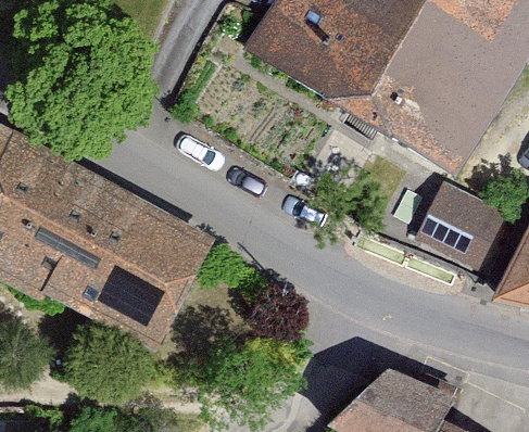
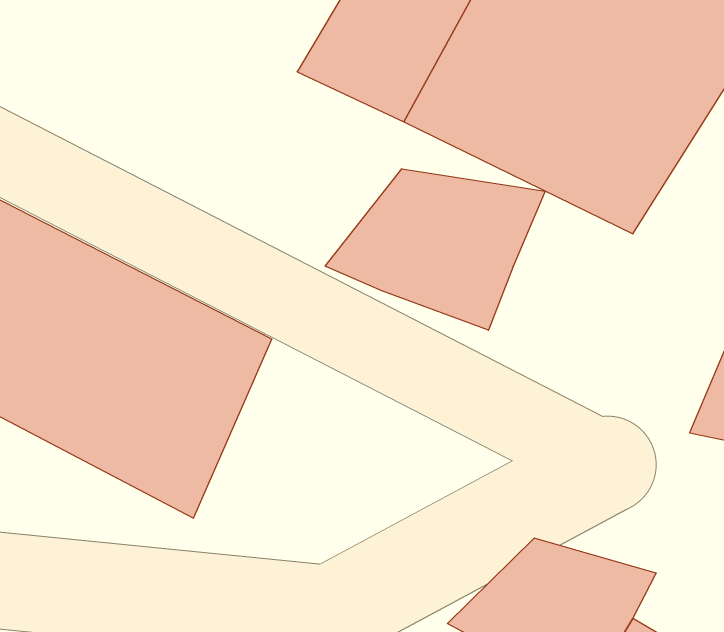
building: none -> [325,169,545,330]
building: [398,181,495,275] -> none

